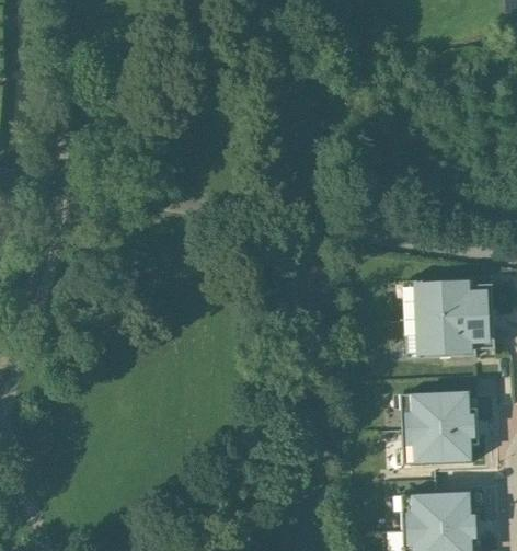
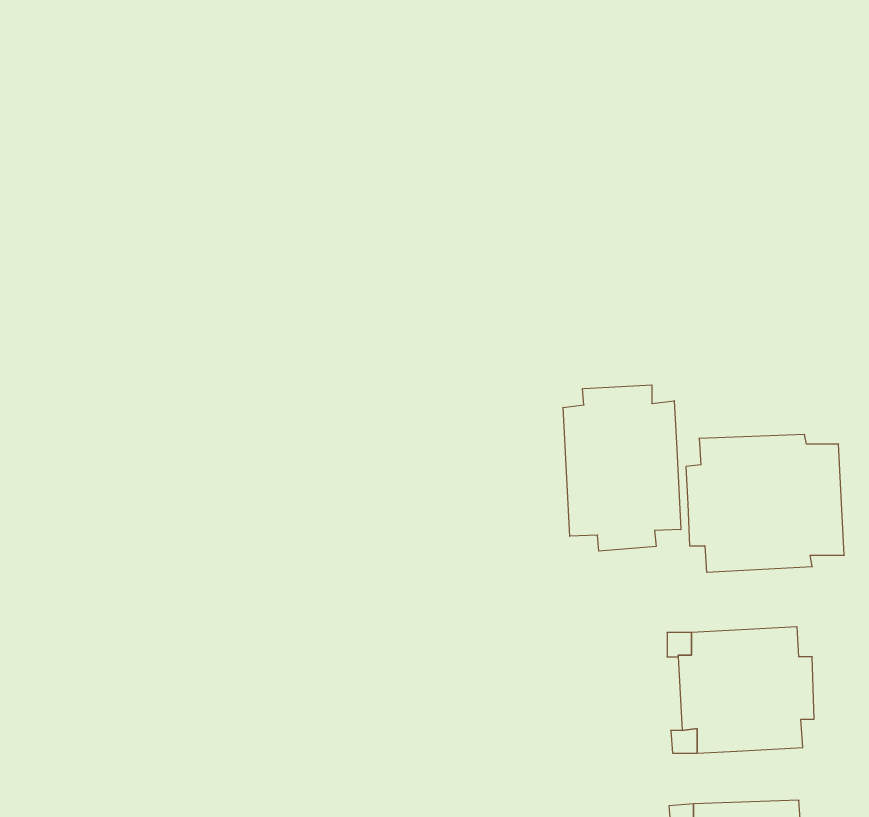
building: none -> [563,385,681,551]

